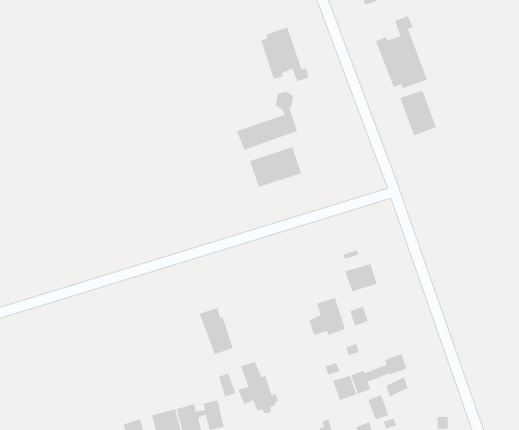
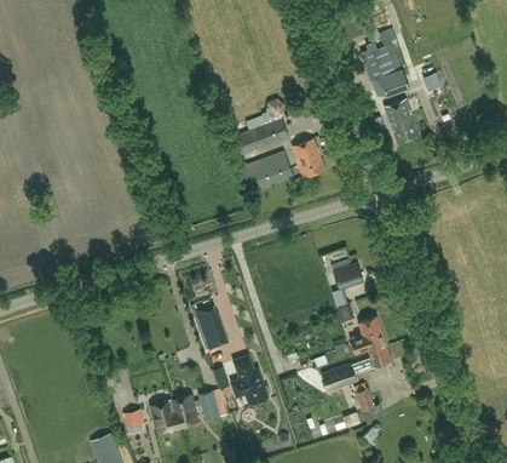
building: [260,26,309,82] -> none
building: none -> [292,139,324,178]
building: [308,297,346,336] -> [351,318,386,354]

